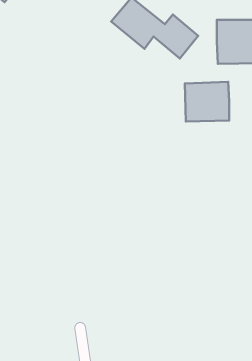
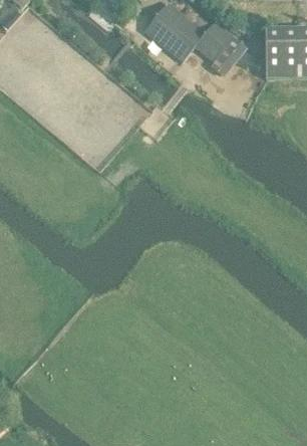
building: [185,82,229,122] -> none

